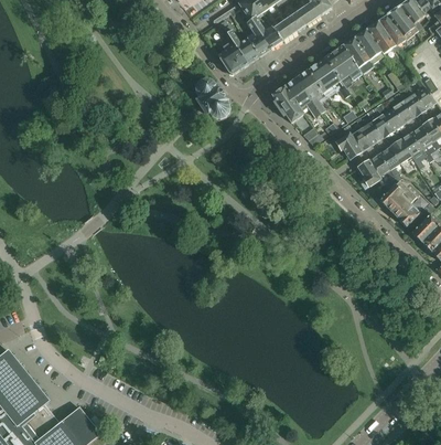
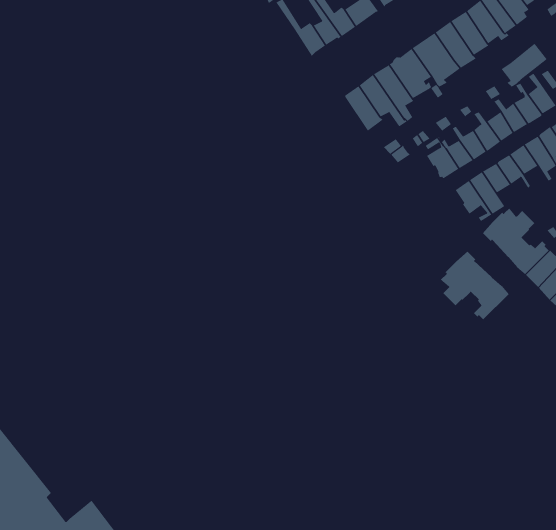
building: [218,43,248,73] -> none
building: none -> [501,43,548,87]
building: [196,78,229,119] -> none
building: none -> [440,251,509,320]

